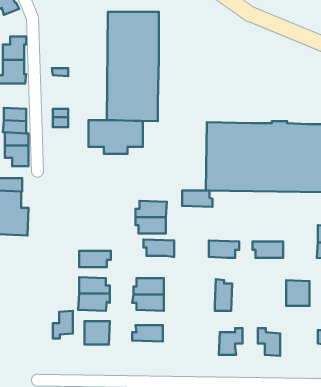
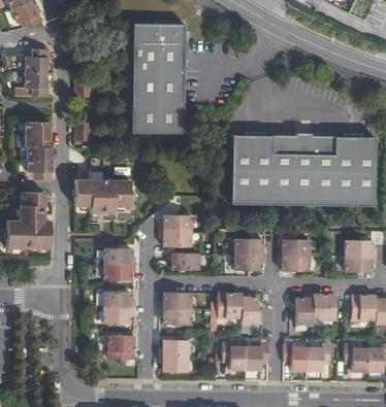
building: [89,120,143,154] -> [75,179,130,213]
building: [182,191,213,207] -> [234,239,265,256]
building: none -> [279,239,310,256]
building: none -> [103,248,135,265]
building: none -> [217,294,242,319]
building: none -> [296,295,313,326]
building: [53,311,73,339] -> none
building: none -> [223,343,246,370]
building: none -> [307,344,330,371]
building: none -> [157,355,188,373]

